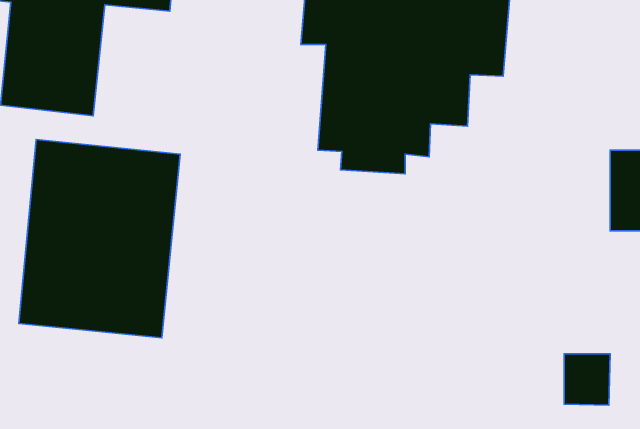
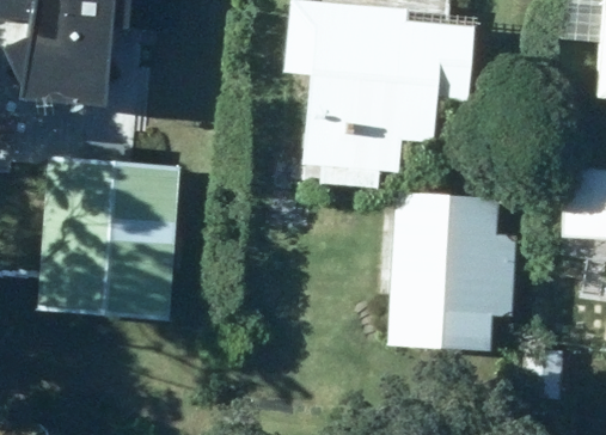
building: none -> [384,190,521,361]

